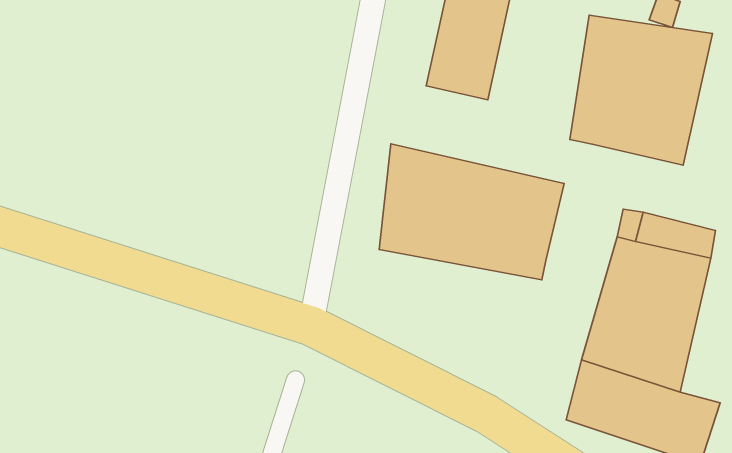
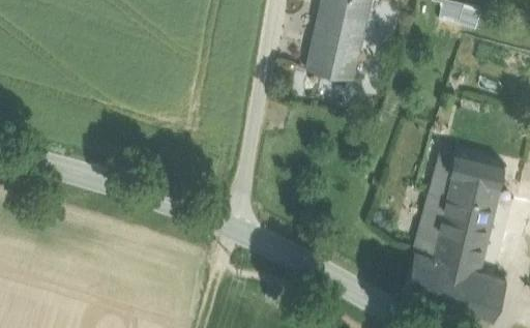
building: [570,15,713,165] -> none
building: [379,144,564,280] -> none

